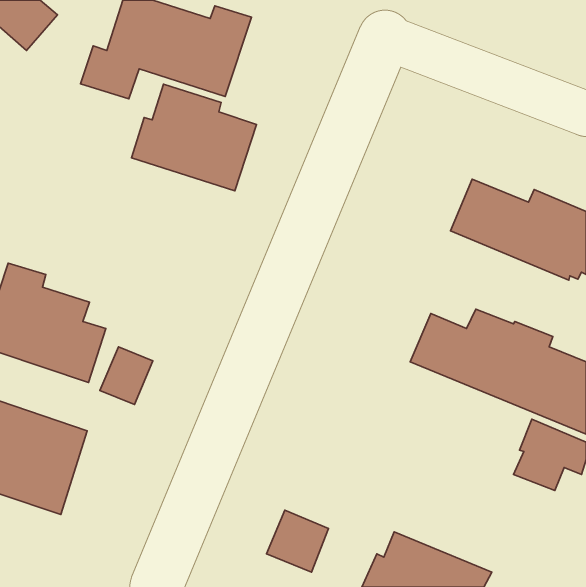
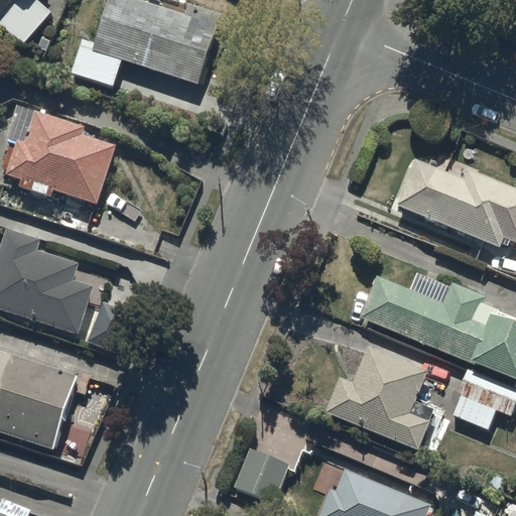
building: [131,84,257,191] -> [6,112,116,206]
building: none -> [325,347,430,449]

